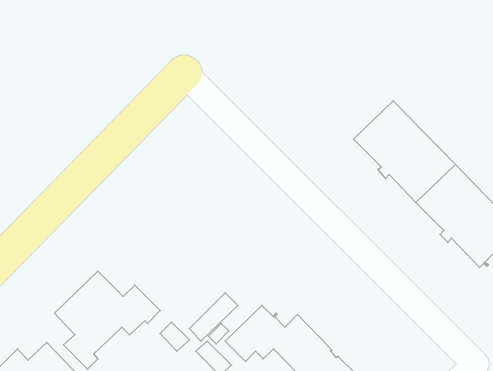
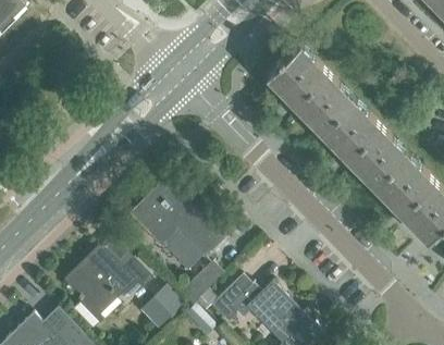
building: none -> [267,44,354,132]
building: none -> [131,175,226,268]

